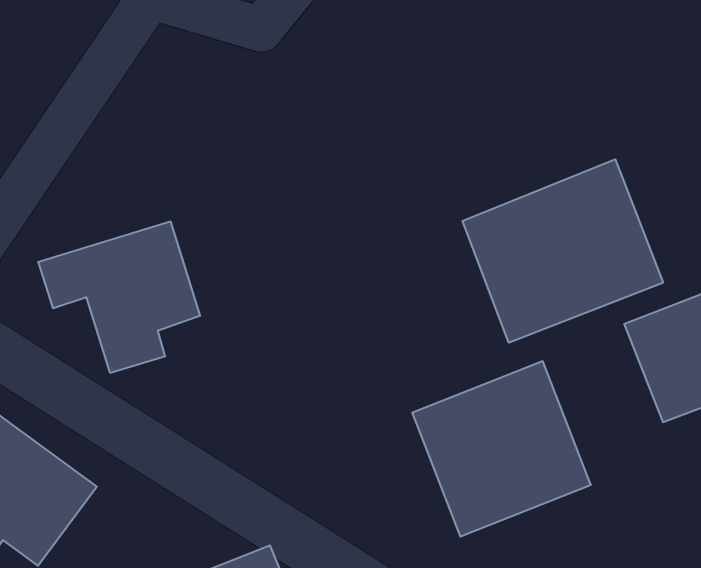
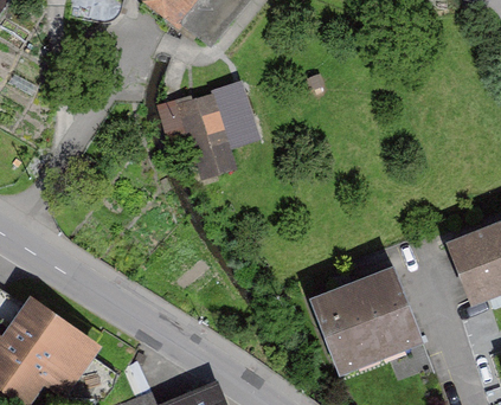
building: [462,159,663,343] -> none
building: [38,222,200,373] -> [154,79,258,176]

